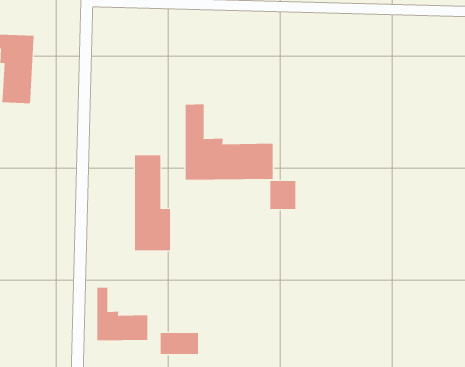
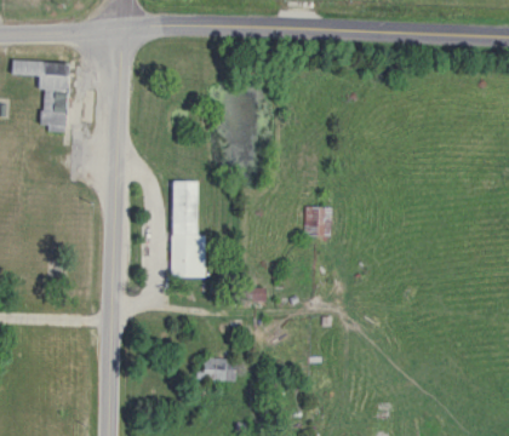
building: [185,103,273,180] -> none
building: [97,287,148,341] -> none

